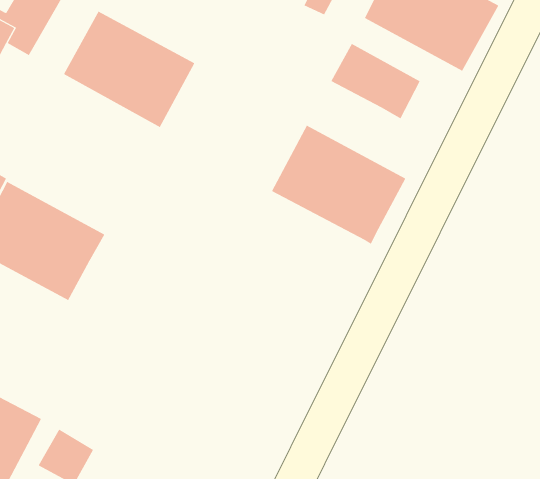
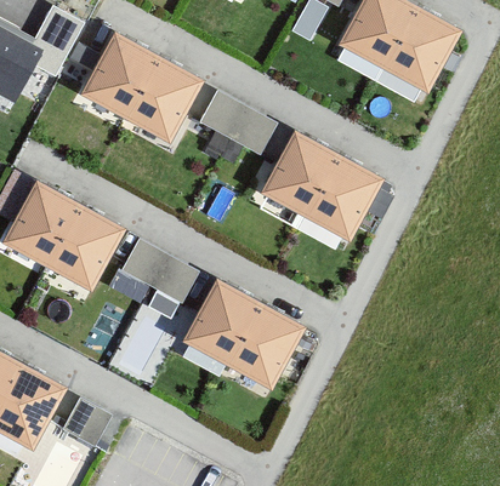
building: [330,43,420,119] -> [198,91,275,156]
building: none -> [120,239,198,304]
building: none -> [184,284,299,385]

